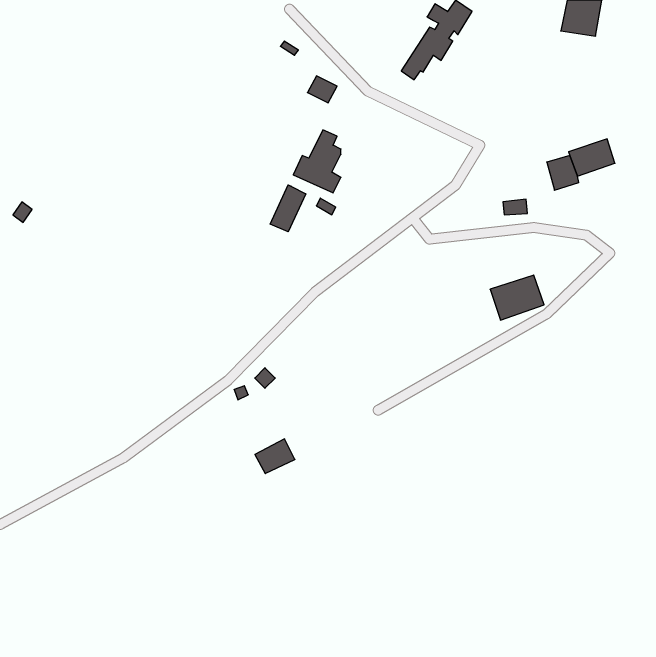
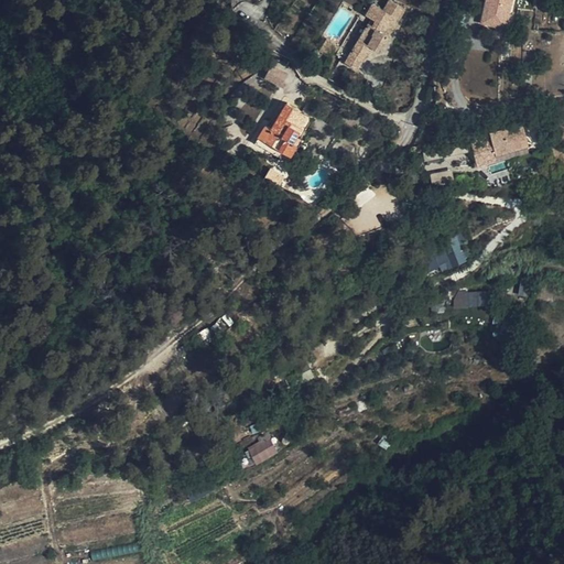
building: [270,185,306,232] -> none
building: none -> [455,290,487,308]
building: [255,439,295,474] -> [248,435,282,465]

